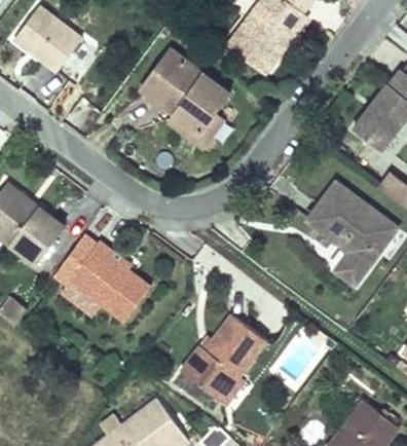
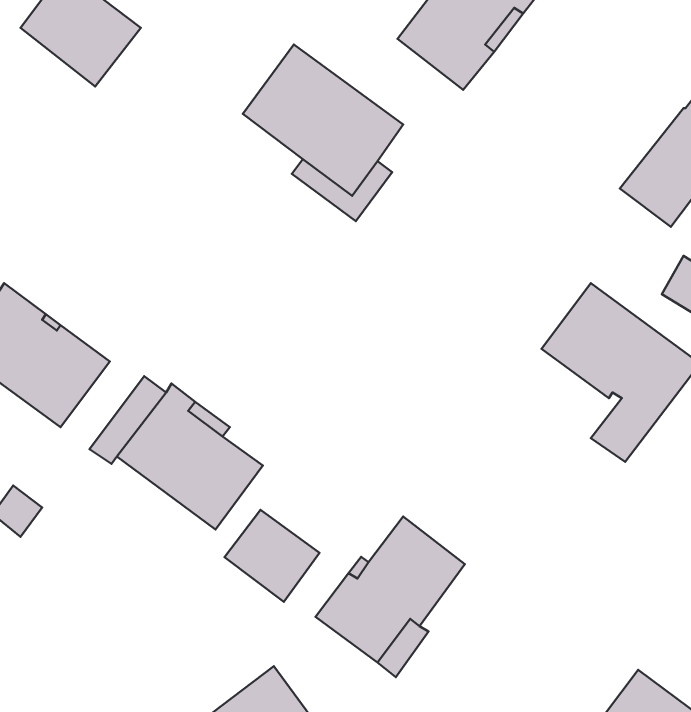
building: none -> [225,510,319,602]

